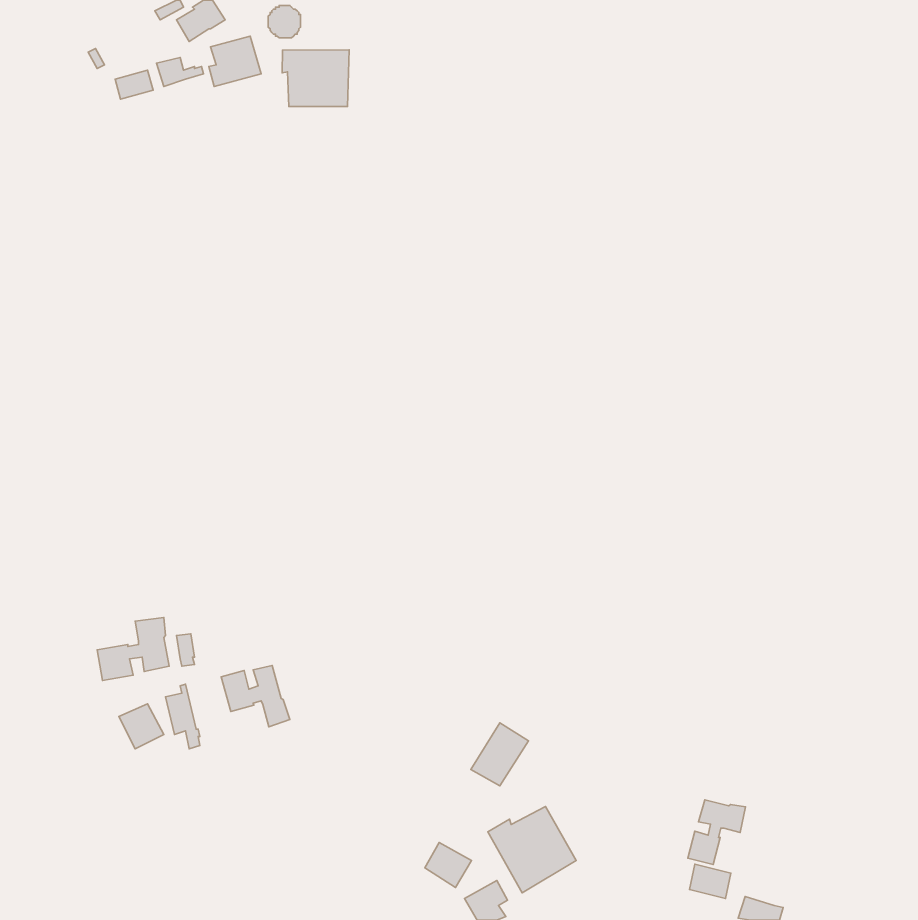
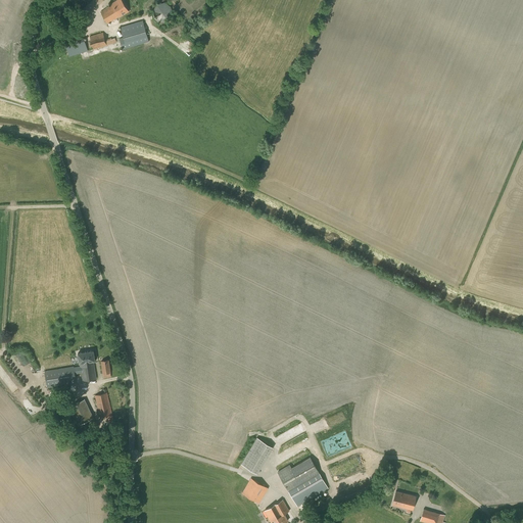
building: [282,50,349,107] -> none
building: [221,666,290,727] -> none
building: [471,723,529,786] -> [240,437,273,473]
building: [688,800,745,865] -> none

